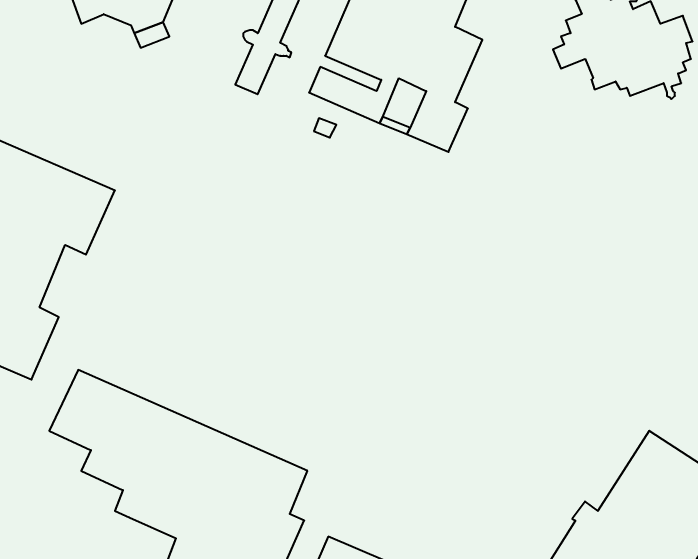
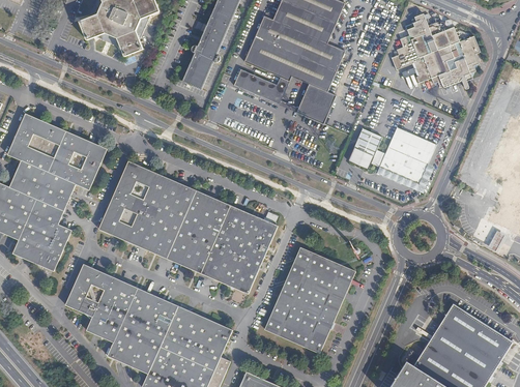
building: none -> [347,126,435,184]
building: none -> [97,160,277,293]
building: none -> [263,246,354,353]

